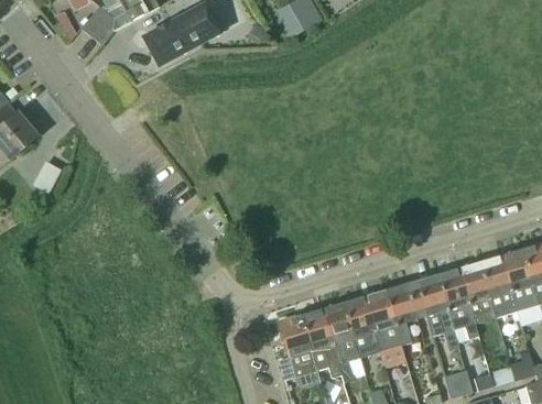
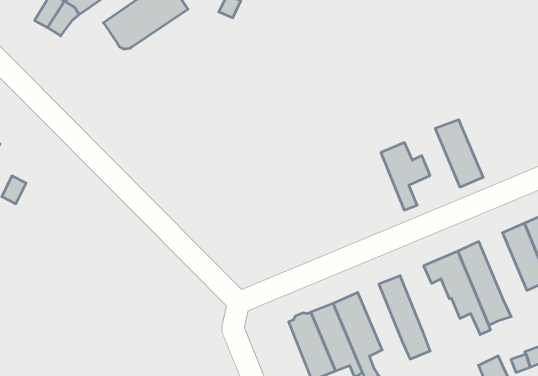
building: [458,263,497,324] -> [435,120,483,187]
building: [384,285,426,346] -> [381,143,430,210]
building: [345,297,380,357] -> none

